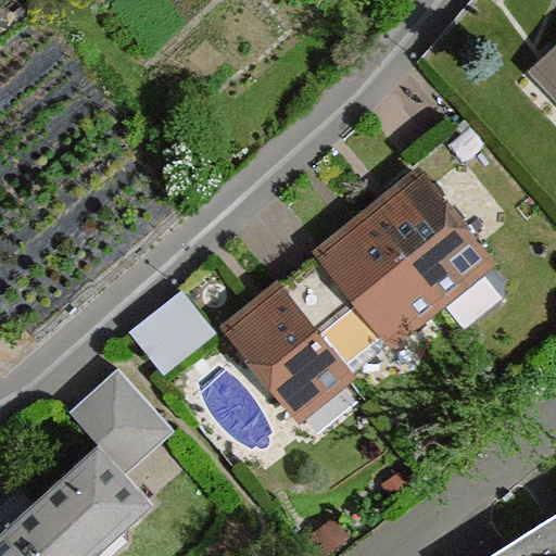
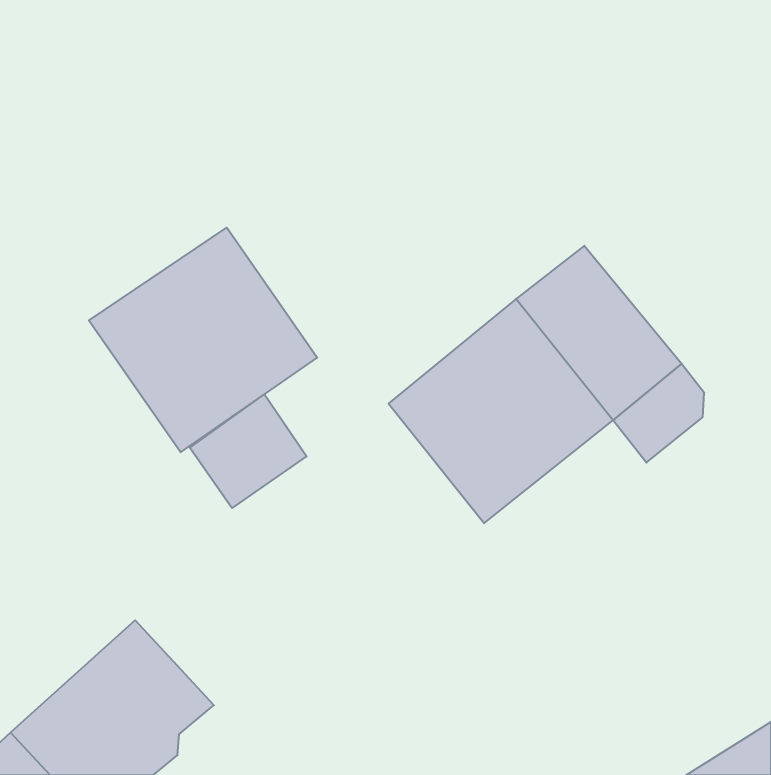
building: none -> [89,228,317,452]
building: [227,289,346,415] -> none
building: [74,375,172,477] -> none

